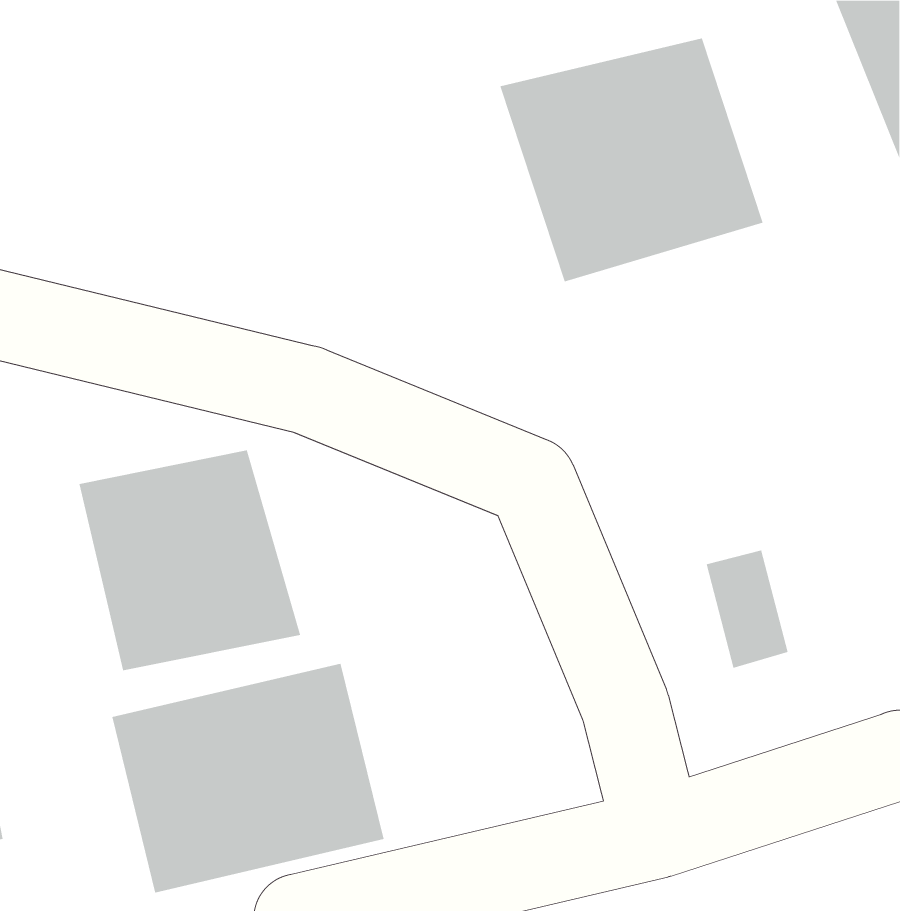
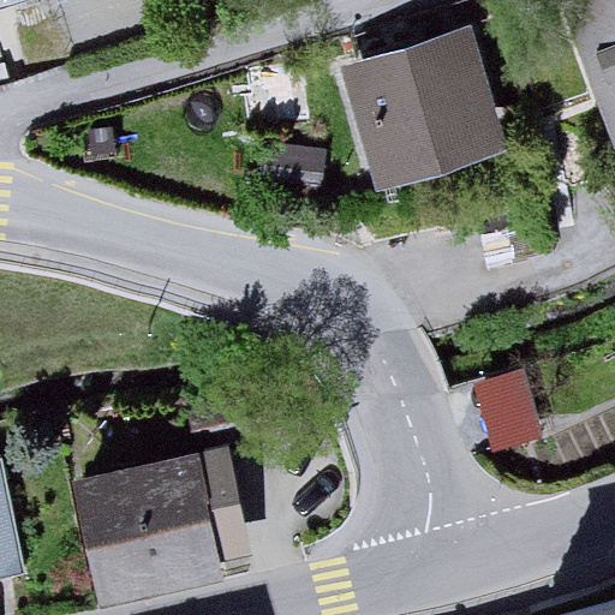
building: [79,450,301,671] -> none

